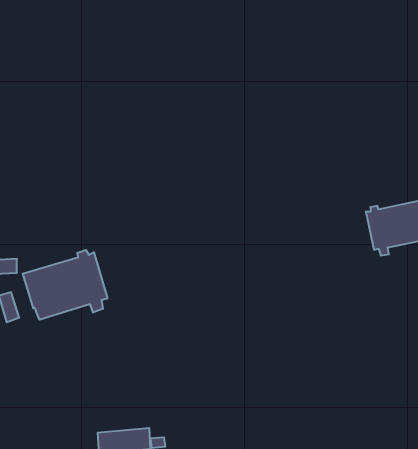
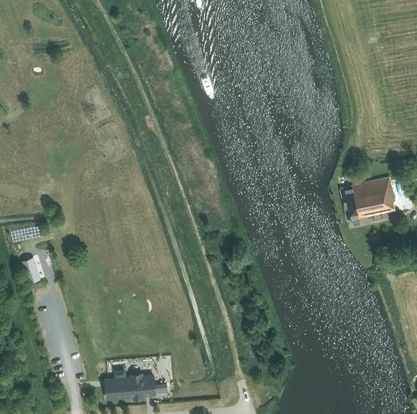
building: [23,250,107,320] -> none

